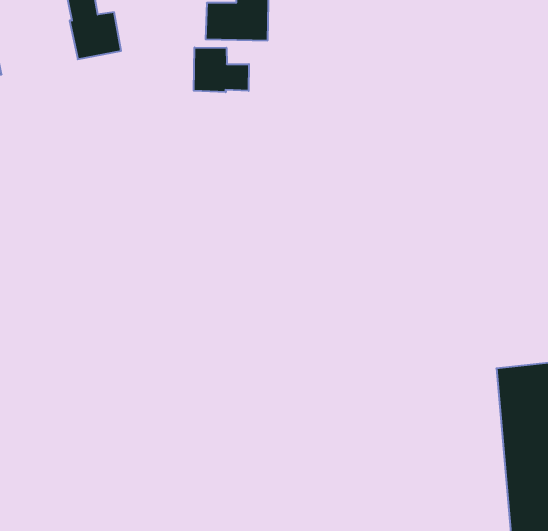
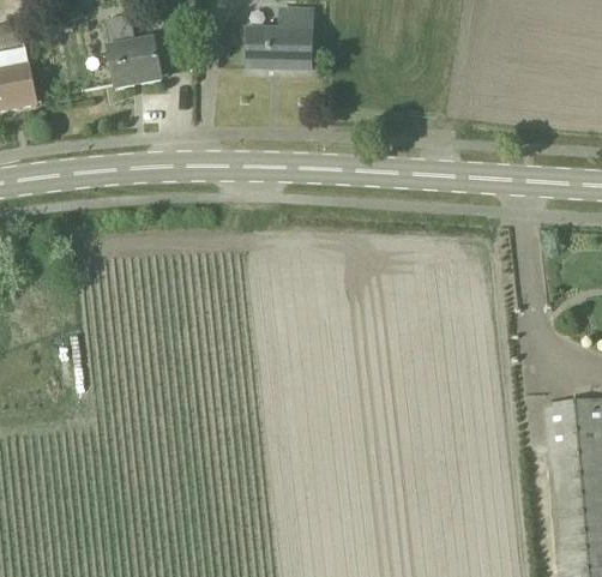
building: [194,47,249,92] -> none

